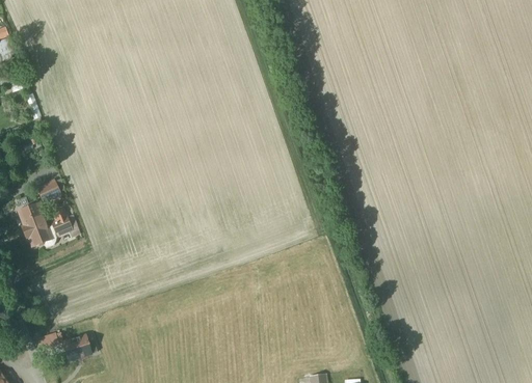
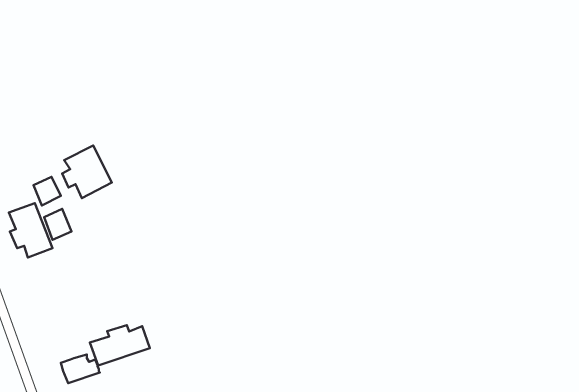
building: none -> [62,145,112,198]
building: none -> [90,325,150,366]

